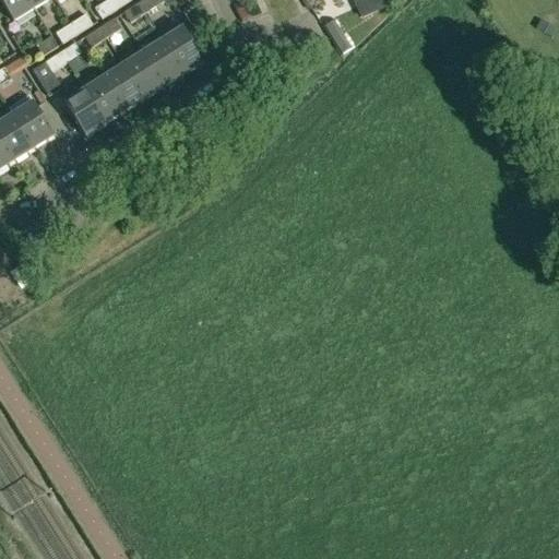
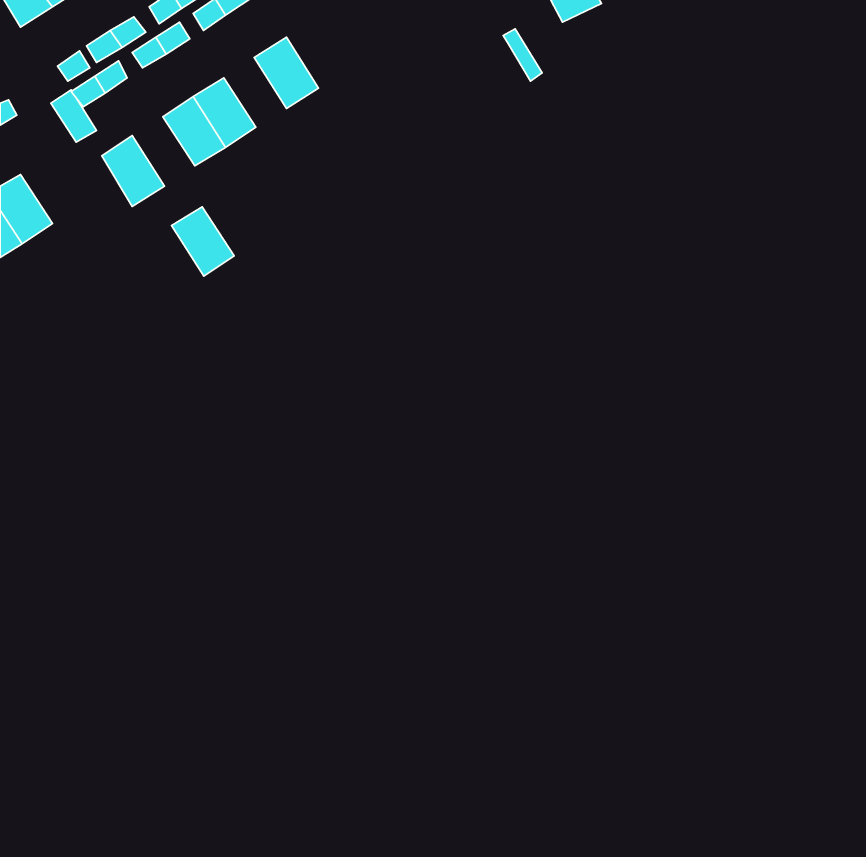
building: [144,37,185,82] -> none
building: [85,75,126,120] -> [172,207,234,276]
building: [10,92,55,144] -> none

